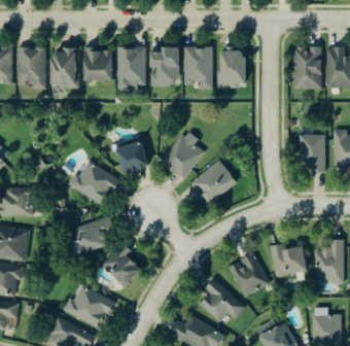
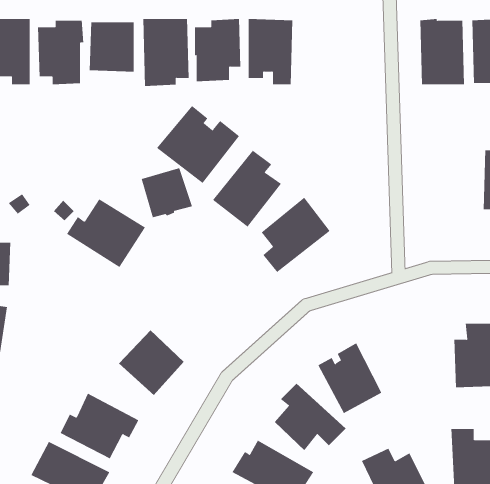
building: [218,49,244,89] -> none
building: none -> [156,105,240,184]
building: [301,136,325,172] -> none
building: [75,216,114,253] -> none
building: [270,244,307,277] -> none

